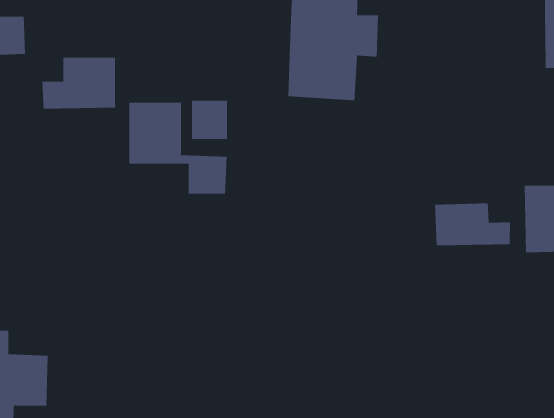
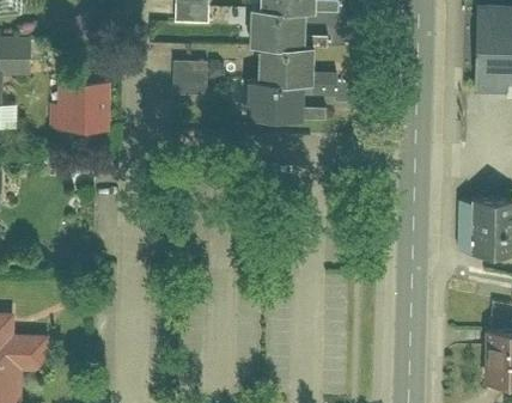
building: [191,100,228,140] -> [175,63,206,97]
building: [129,102,227,195] -> none
building: [434,202,510,246] -> none

